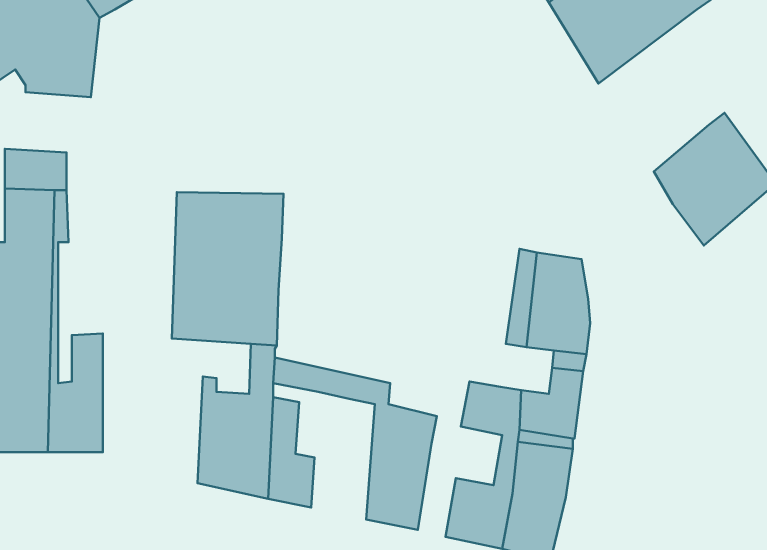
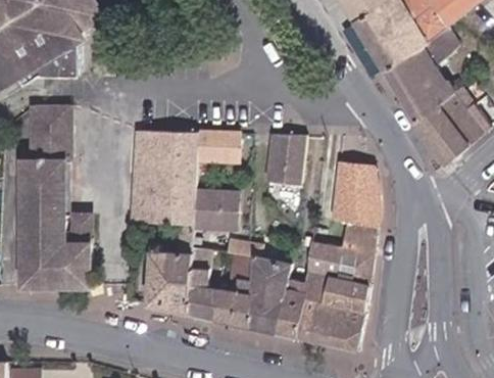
building: none -> [385,23,461,120]
building: none -> [197,133,235,160]
building: none -> [266,134,306,184]
building: none -> [193,190,238,227]
building: none -> [214,254,252,326]
building: none -> [278,271,328,336]

